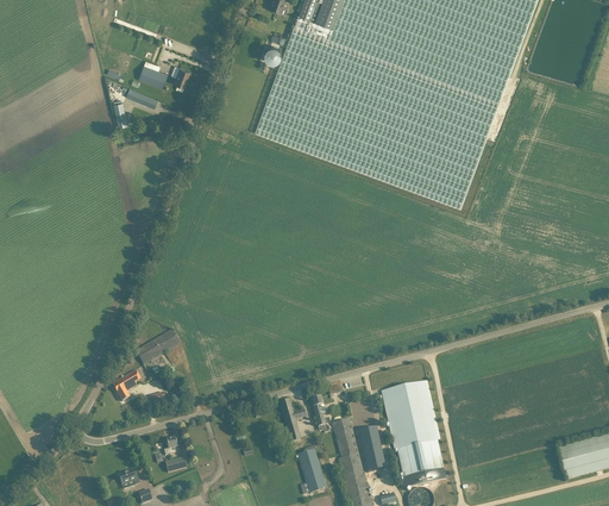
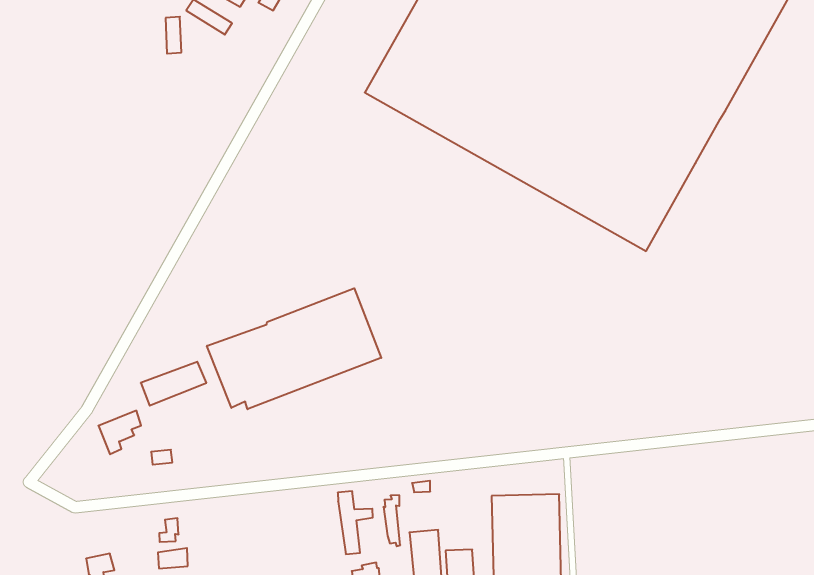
building: none -> [207,288,381,409]

